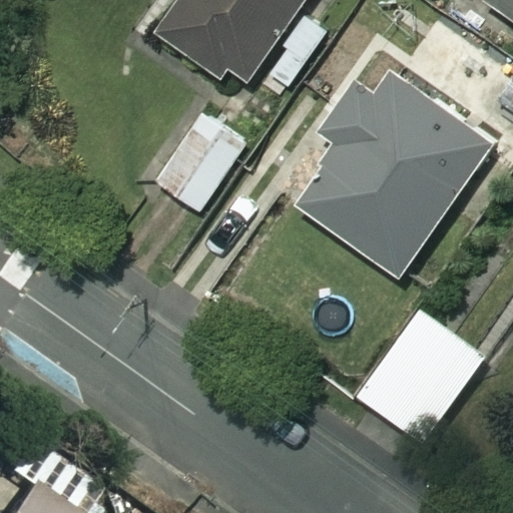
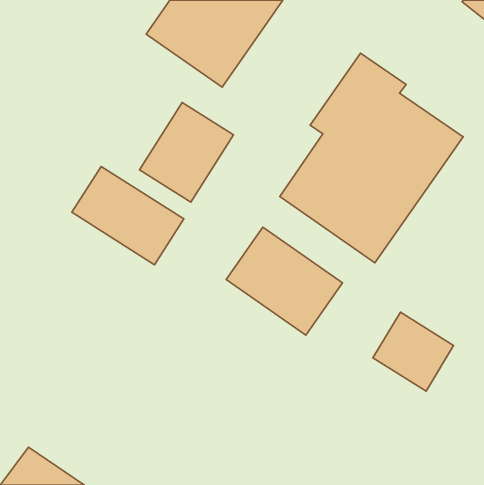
building: none -> [72,166,184,265]
building: none -> [226,227,343,335]

